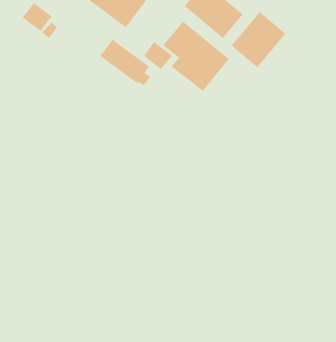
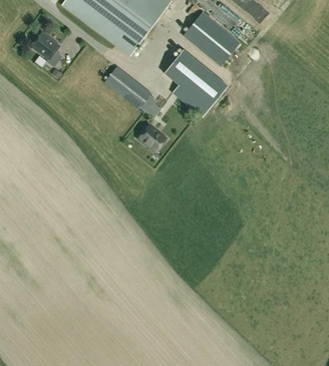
building: [231,11,286,68] -> none
building: [143,41,173,70] -> [138,123,167,150]

